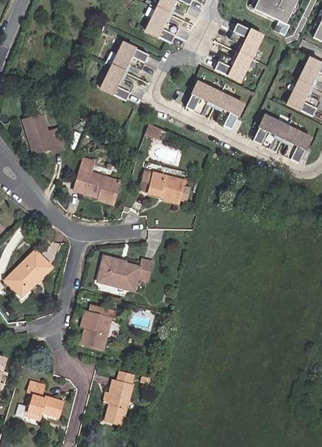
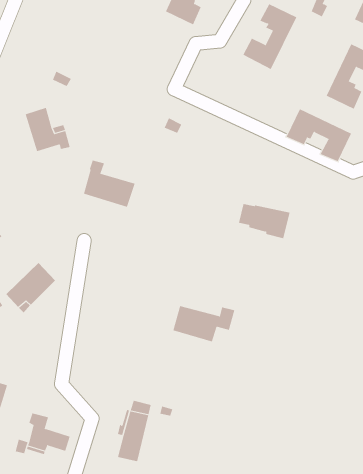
building: [101,41,148,99] -> none
building: [185,81,243,129] -> none
building: [139,172,185,203] -> [238,204,291,239]
building: [98,258,153,290] -> [173,306,235,342]
building: [81,304,118,348] -> none

